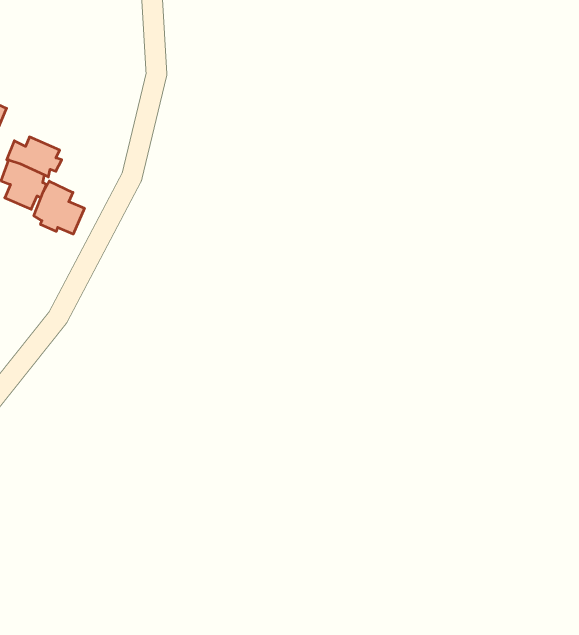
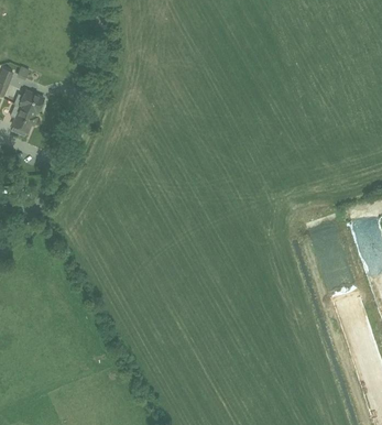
building: [34,181,84,234] -> none

